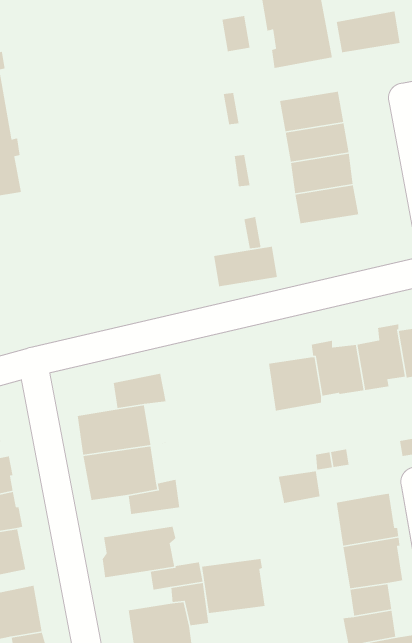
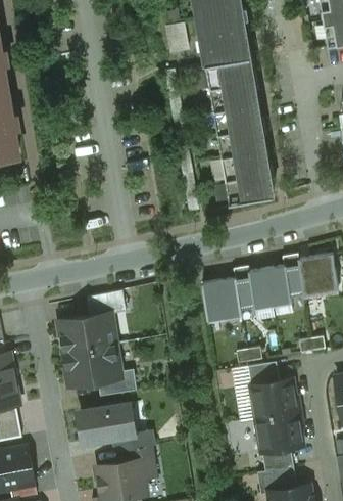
building: [336,10,401,53] -> [205,56,253,88]
building: [213,246,278,287] -> [225,173,273,203]
building: [278,471,321,504] -> [247,362,279,386]
building: [201,558,266,614] -> none

